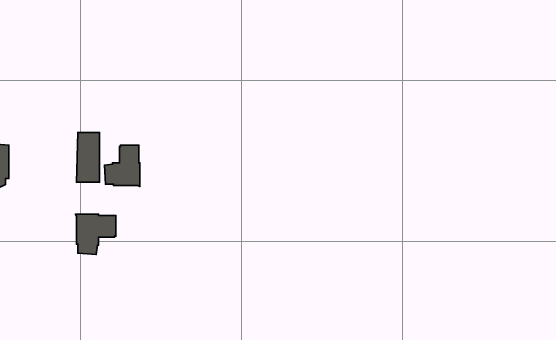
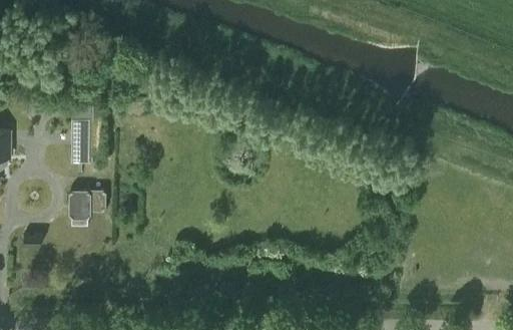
building: [104,145,140,187] -> none

